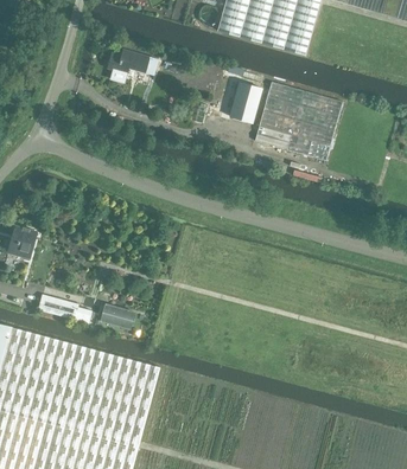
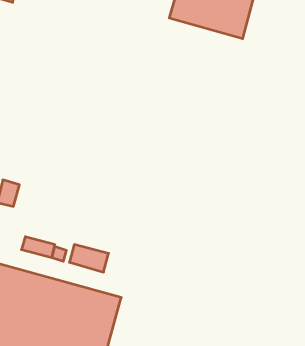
building: [108,49,150,82] -> none
building: [229,81,262,122] -> none
building: [255,81,343,159] -> none

